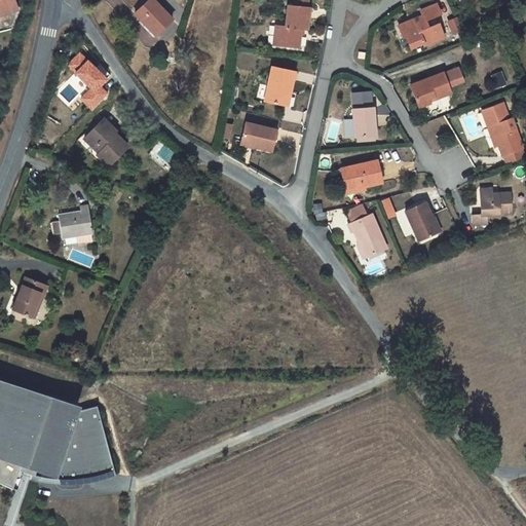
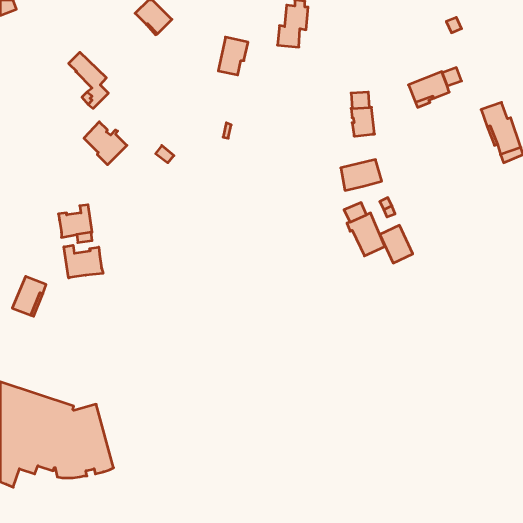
building: [399,4,444,48] -> none
building: [265,67,295,105] -> [218,37,248,75]
building: [241,122,276,151] -> none
building: [473,192,512,225] -> none
building: [406,202,439,240] -> [380,225,413,263]
building: none -> [64,245,103,278]

